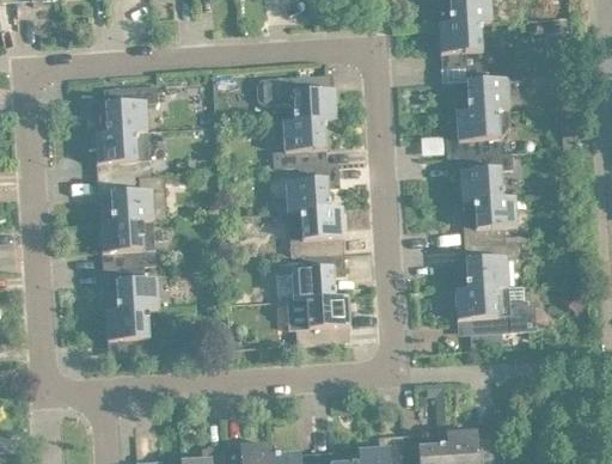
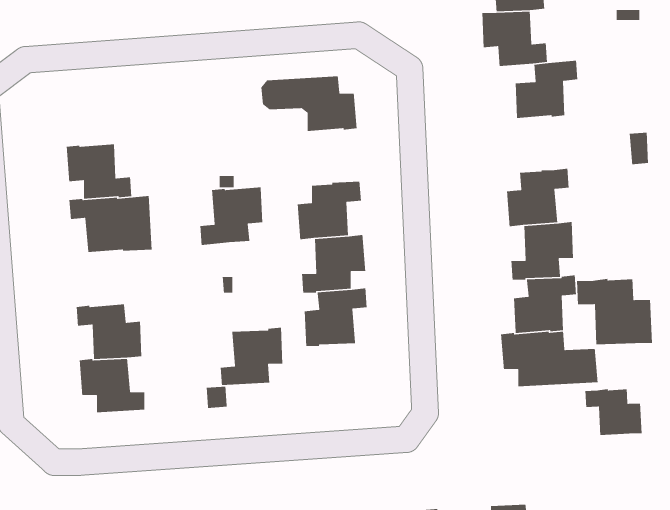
building: [104,86,157,135] -> none
building: [445,110,508,159] -> none
building: [271,121,324,170] -> [200,187,263,246]
building: [99,221,154,268] -> none
building: none -> [576,278,653,345]
building: [294,297,347,346] -> [220,327,283,386]
building: none -> [584,388,642,436]

